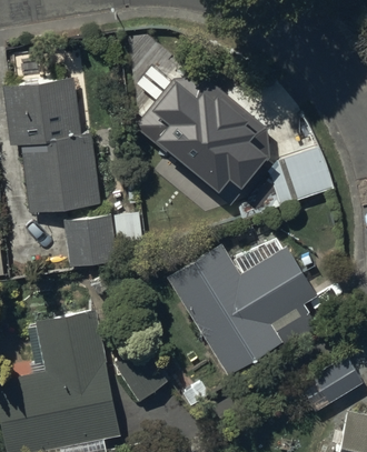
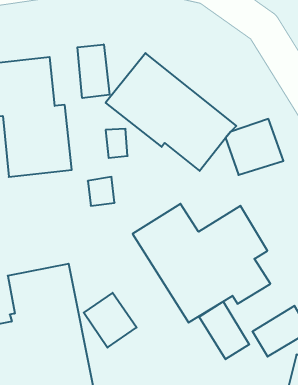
building: none -> [77,44,109,98]
building: [65,220,116,269] -> none
building: none -> [199,301,249,359]

